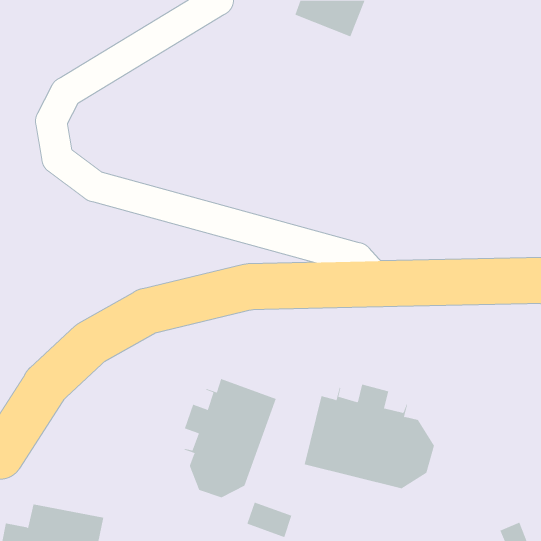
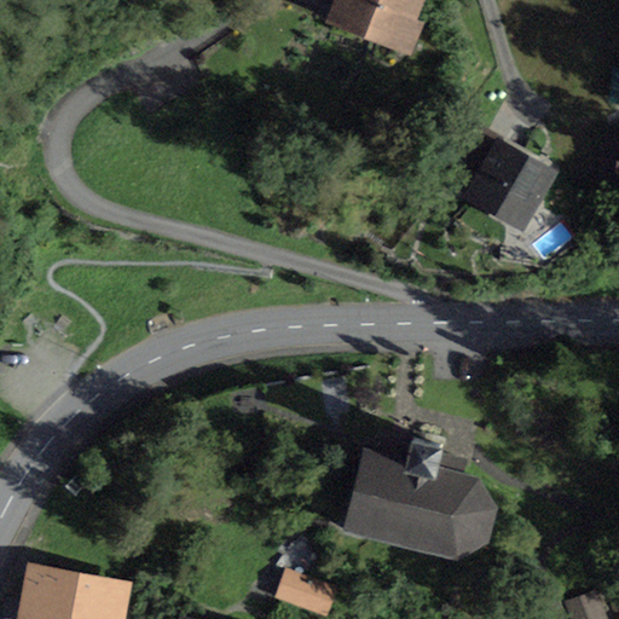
building: none -> [453,135,551,225]
building: [184,378,277,498] -> none

